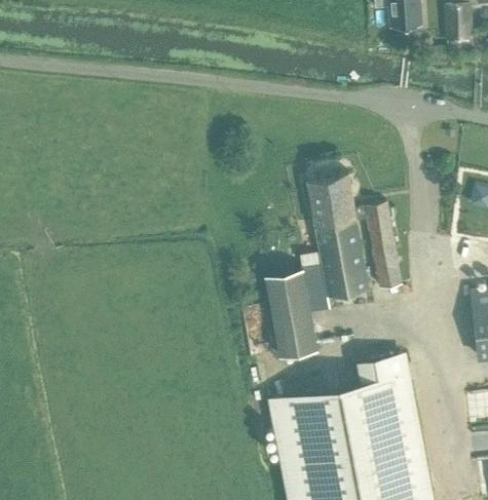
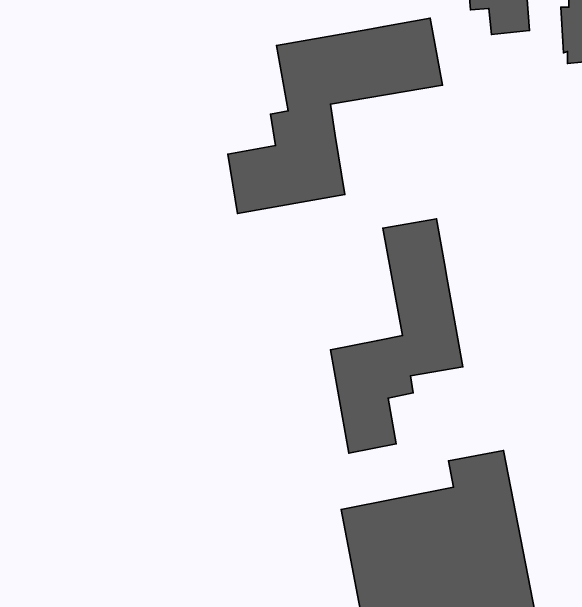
building: none -> [228,18,442,213]
building: [354,202,402,289] -> none

